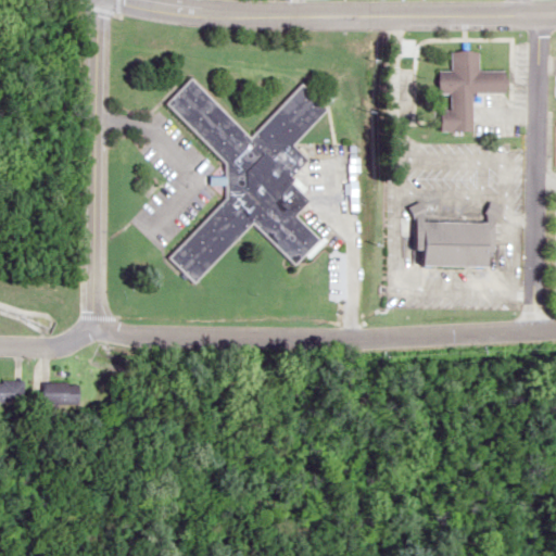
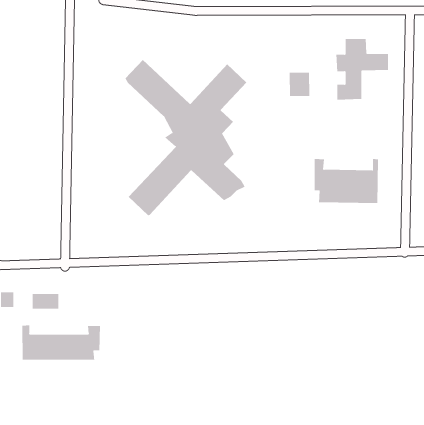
building: none -> [289,72,310,97]
building: none -> [22,324,100,360]

